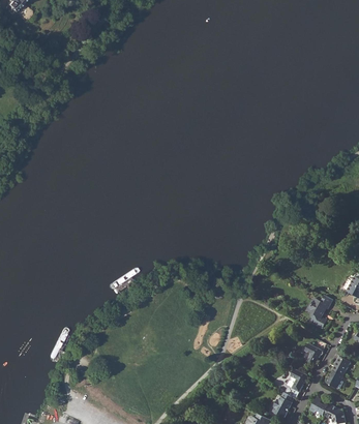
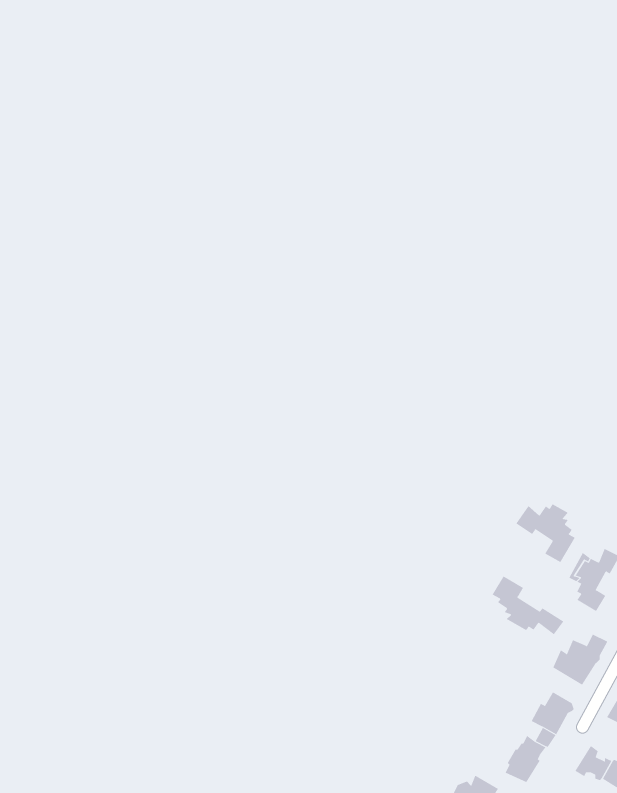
building: none -> [516,503,576,563]
building: none -> [492,575,564,635]

